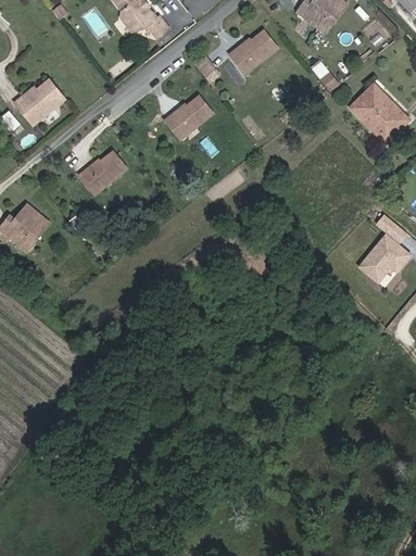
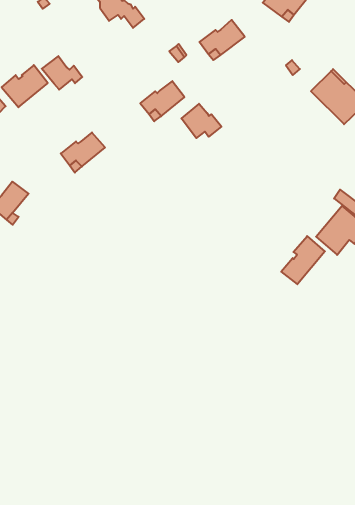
building: none -> [42,56,82,90]
building: none -> [181,104,221,138]
building: none -> [281,236,325,284]

